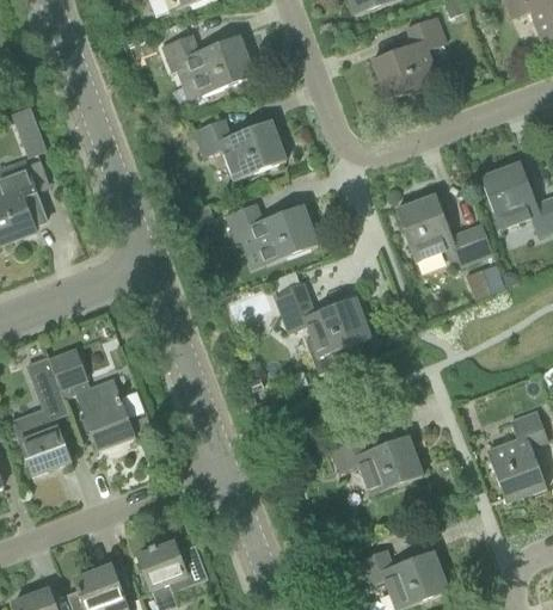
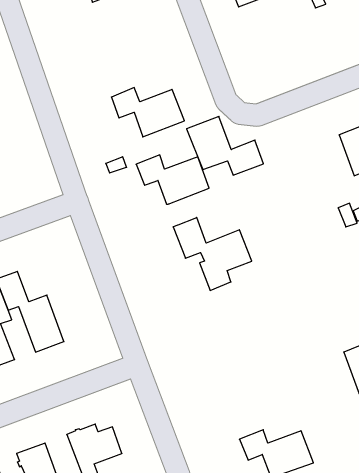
building: [370,16,444,99] -> none
building: [161,33,253,95] -> none
building: [394,193,491,267] -> [187,116,263,175]
building: [330,433,422,494] -> none

